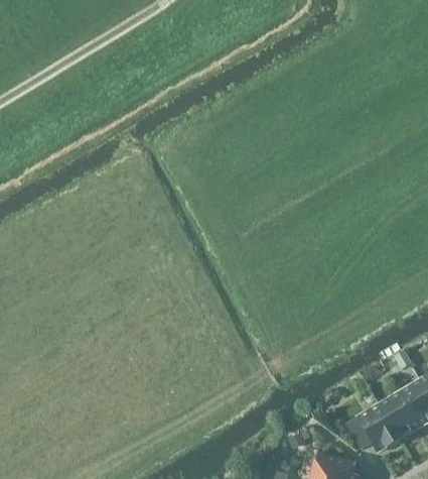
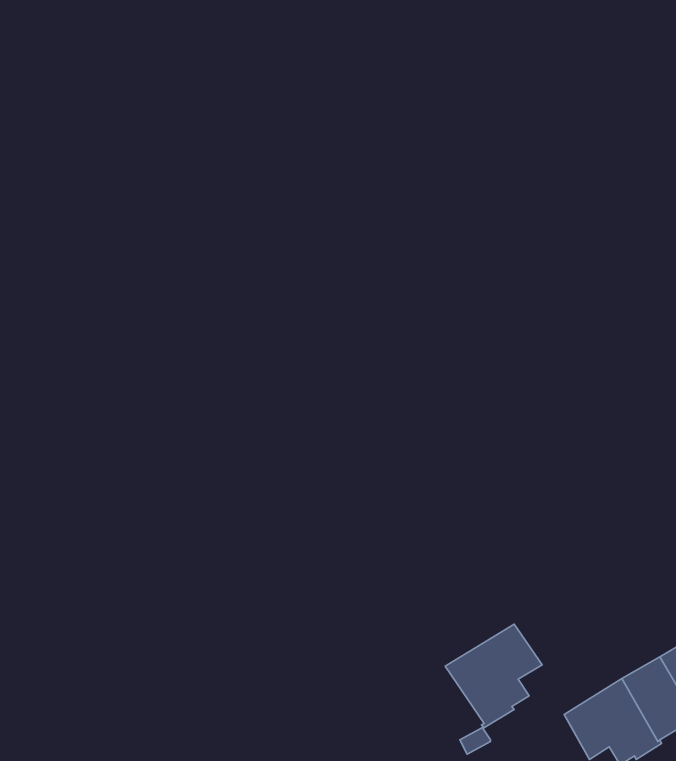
building: none -> [445,624,542,728]

